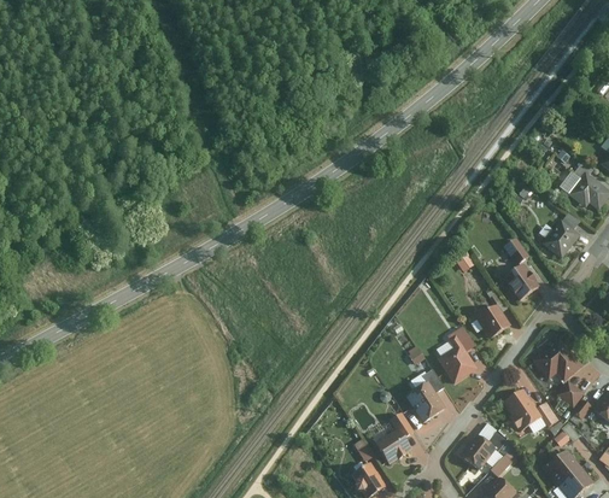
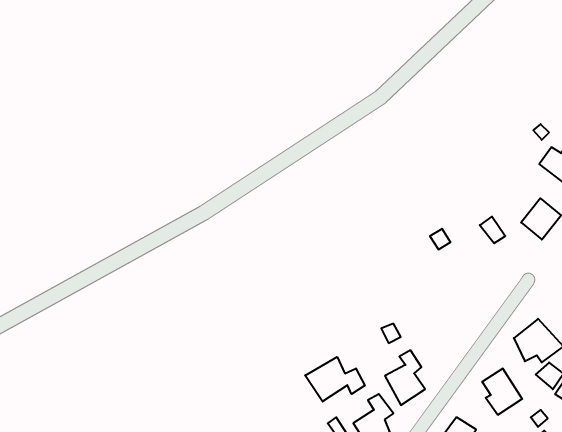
building: [502,262,540,300] -> none
building: [474,303,510,339] -> none
building: [439,327,478,383] -> none
building: none -> [305,357,365,402]

